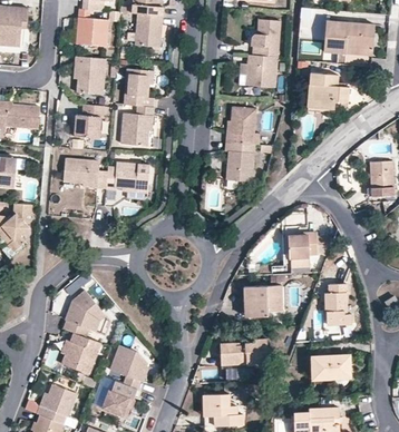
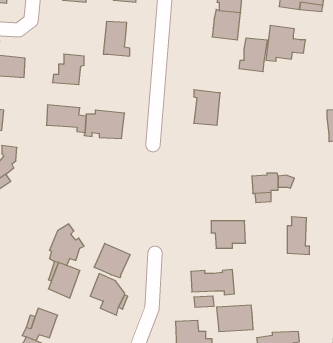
building: [74,56,106,99] -> none
building: [121,104,154,145] -> none
building: [224,109,255,146] -> [239,38,267,72]
building: none -> [94,243,130,278]
building: [310,354,350,383] -> [217,305,253,331]
building: [100,380,139,415] -> none

